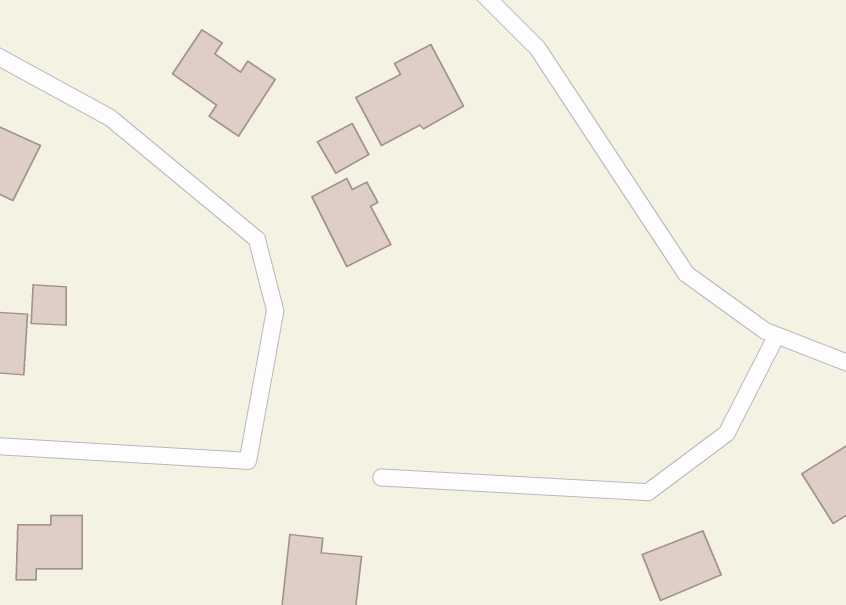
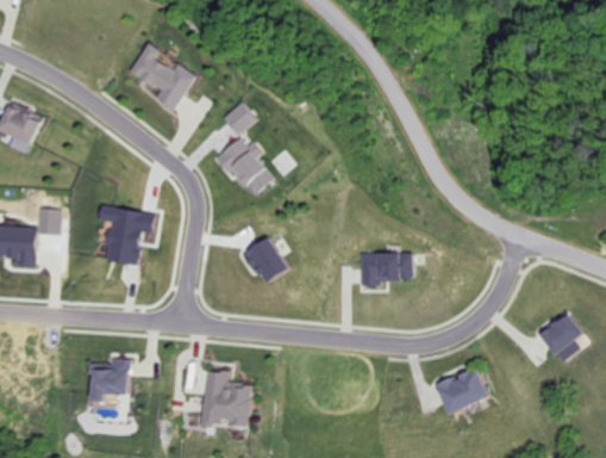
building: [356,44,464,145] -> none
building: none -> [96,205,151,266]
building: none -> [243,237,285,283]
building: none -> [361,253,413,284]
building: [16,516,82,580] -> [88,359,131,401]

